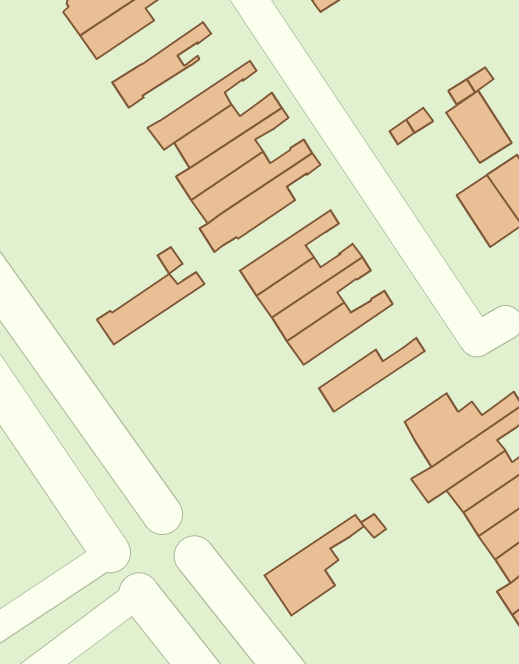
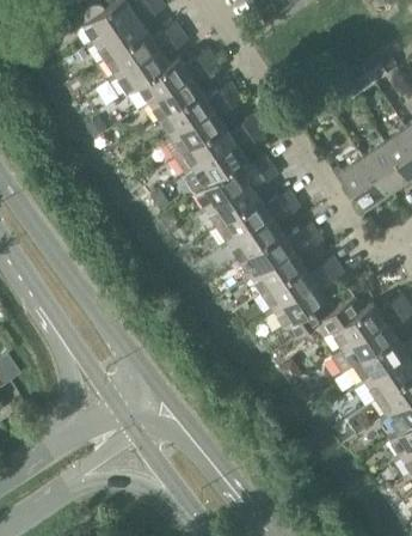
building: none -> [106,24,182,77]
building: none -> [139,50,215,104]
building: [446,91,512,163] -> [339,157,386,208]
building: [97,272,204,345] -> [196,159,272,211]
building: none -> [253,234,322,294]
building: [264,515,364,616] -> [275,268,345,340]

